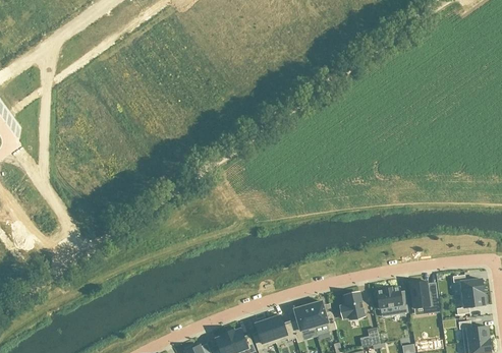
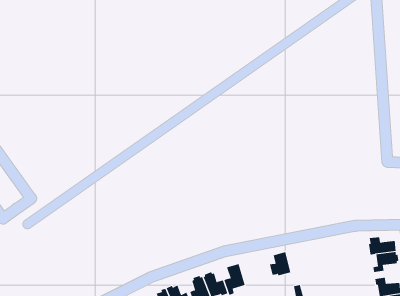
building: [410,281,439,313] -> none
building: [374,286,407,313] -> none
building: [308,300,335,334] -> none

